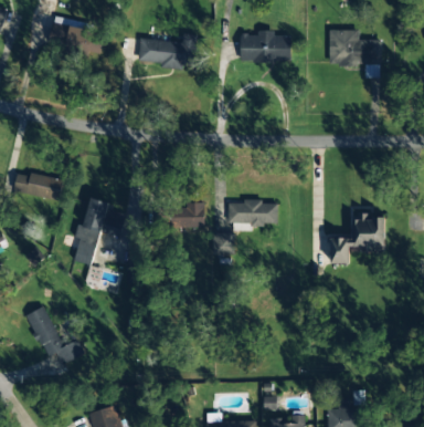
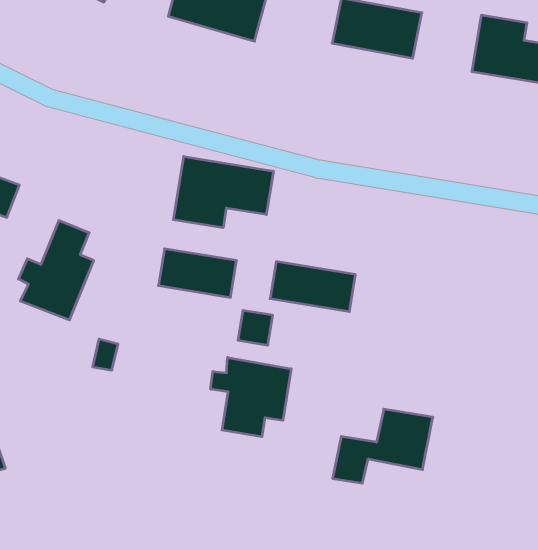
building: none -> [173,156,273,228]
building: [332,216,388,263] -> [333,409,433,483]
building: none -> [211,357,291,437]

